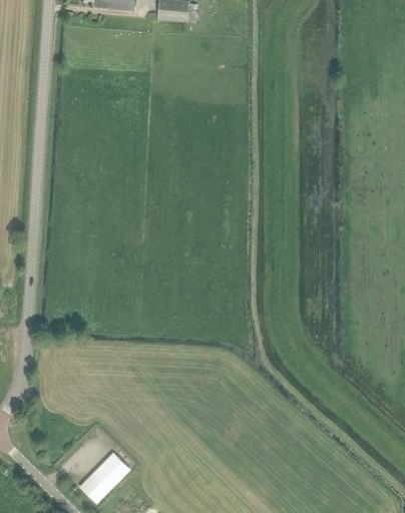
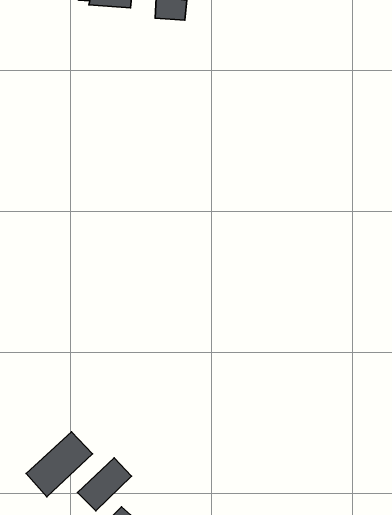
building: none -> [26,432,92,497]

